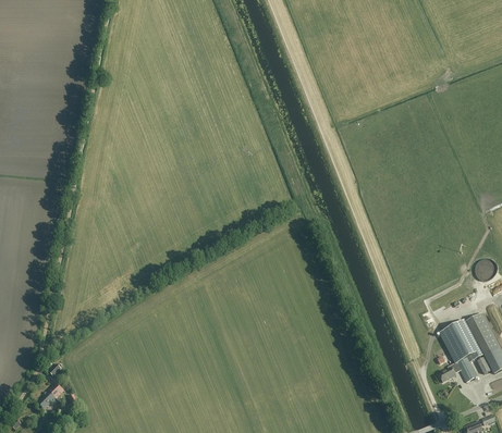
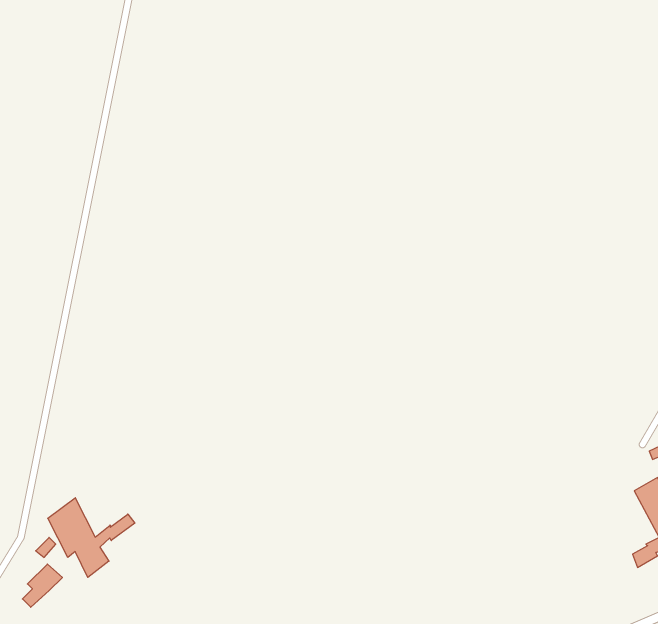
building: none -> [48,498,135,577]

